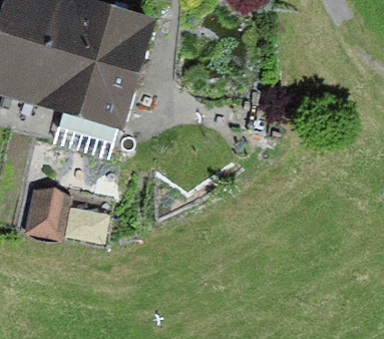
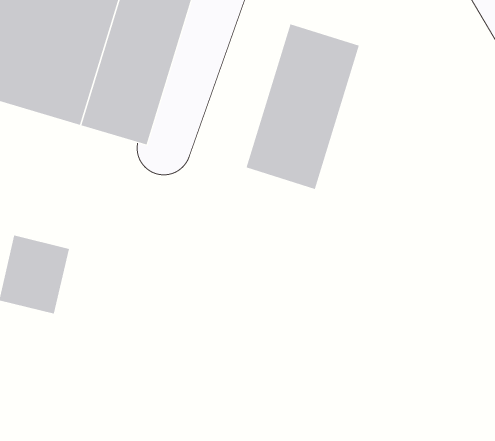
building: none -> [246,23,359,190]

